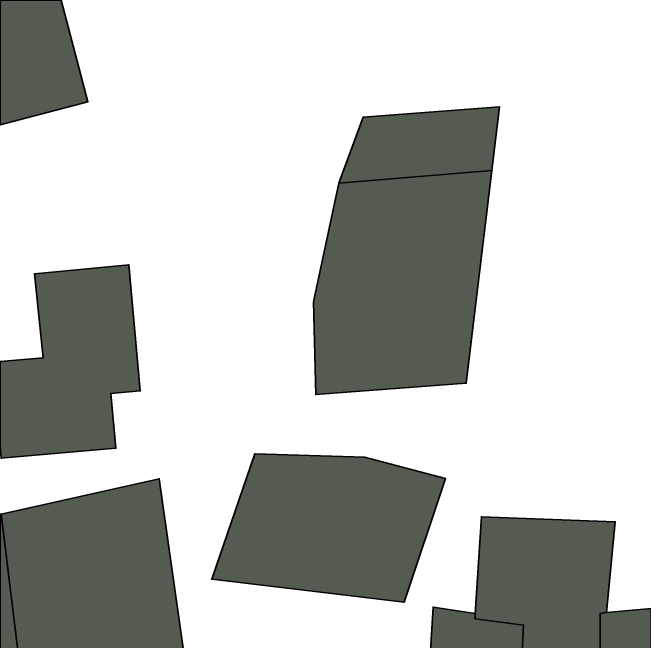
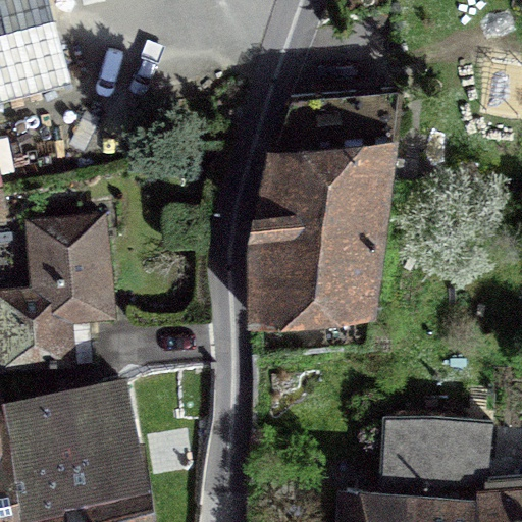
building: [212,454,446,602] -> none

